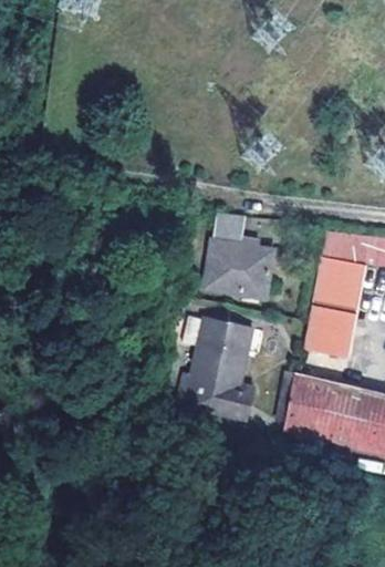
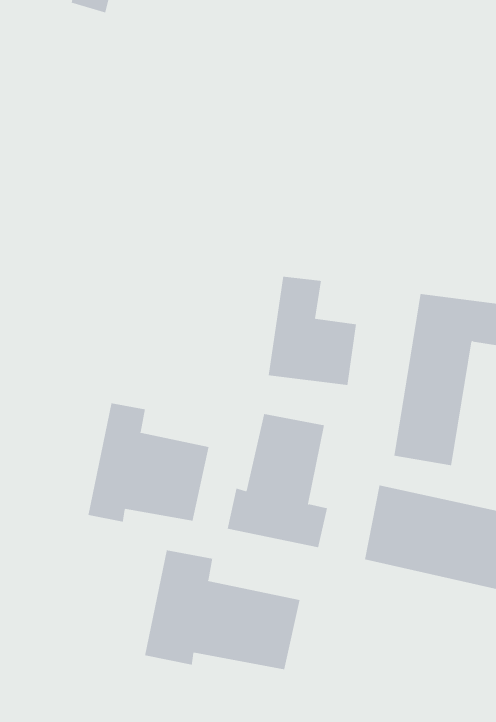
building: none -> [88,402,209,523]
building: none -> [145,550,300,670]

